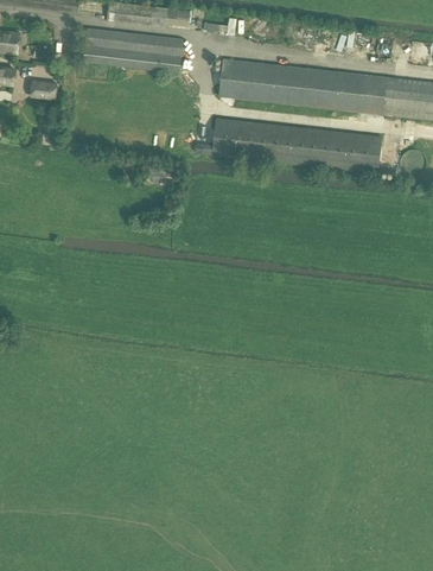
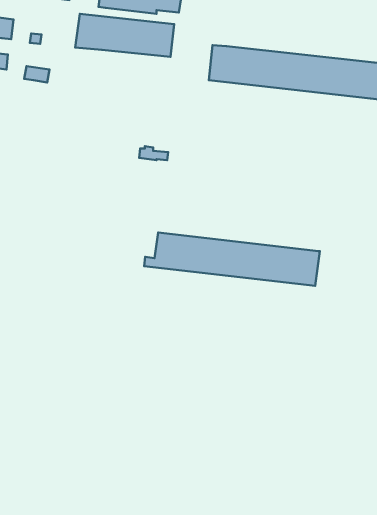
building: [203,118,382,172] -> [144,233,320,286]

